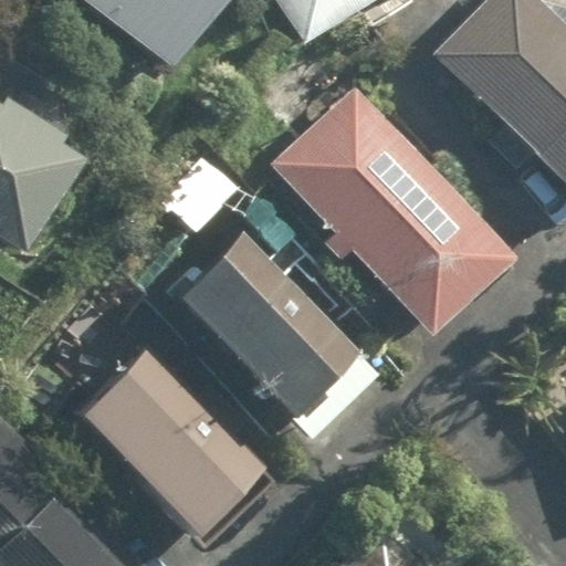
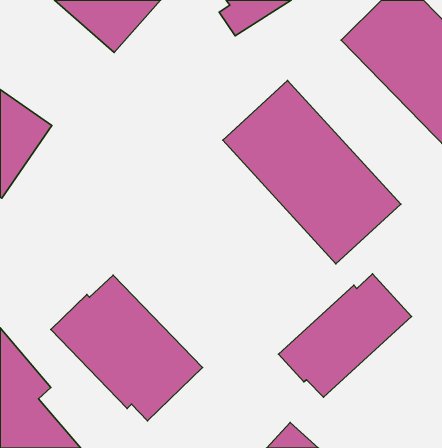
building: [177,233,374,437] -> none
building: none -> [279,274,411,397]

